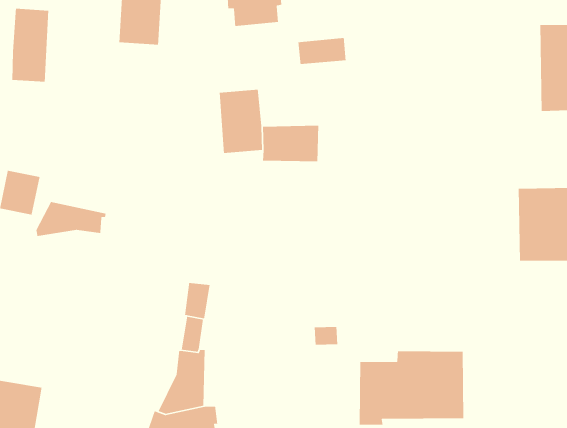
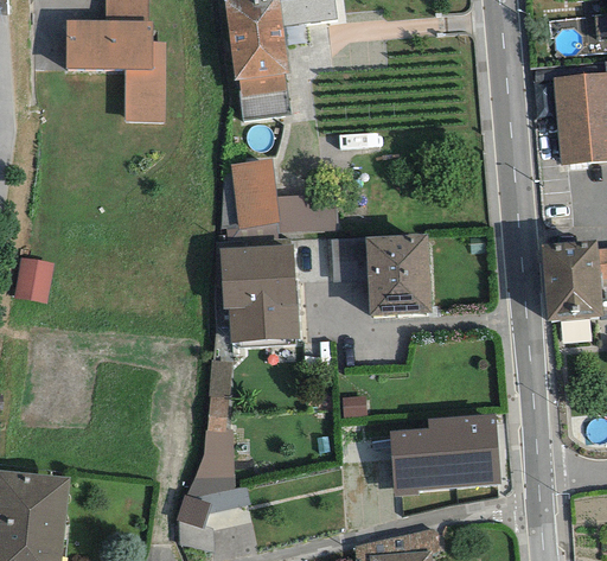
building: [12,8,49,83] -> none
building: [298,37,346,65] -> [239,90,290,121]
building: none -> [331,236,360,279]
building: none -> [364,234,433,317]
building: none -> [219,243,299,342]
building: [35,201,107,237] -> none

